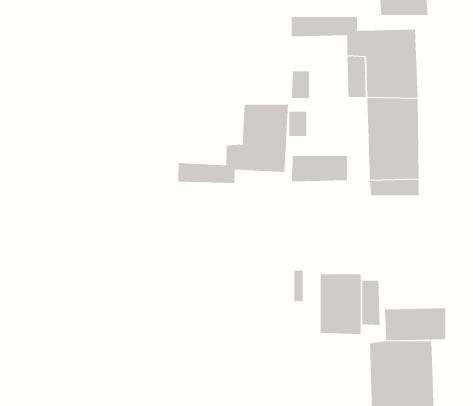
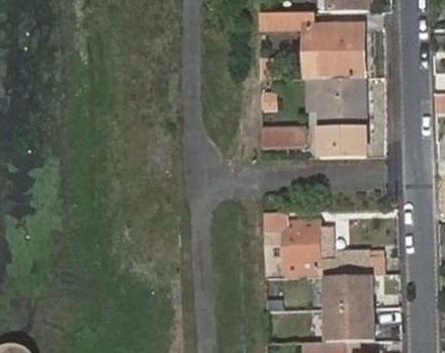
building: [178,104,288,184] -> none

